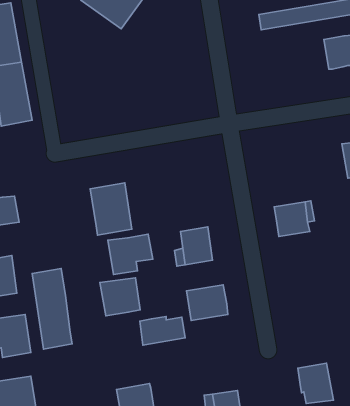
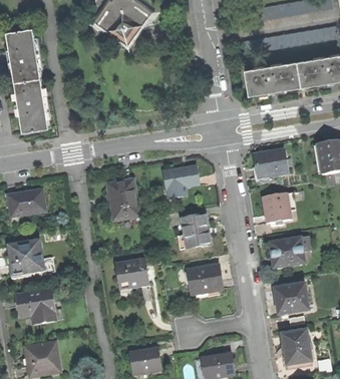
building: none -> [251,57,306,91]
building: none -> [253,151,285,178]
building: [108,234,153,274] -> [160,165,199,200]
building: none -> [268,236,307,269]
building: [32,268,72,349] -> none
building: none -> [272,284,306,315]
building: [140,316,185,345] -> none

